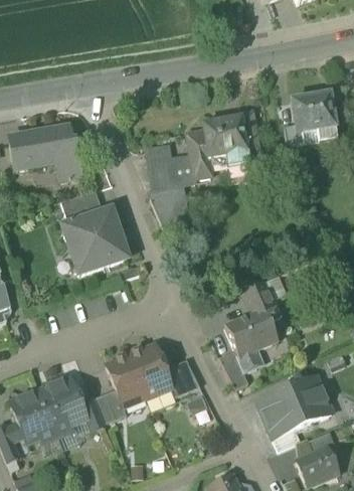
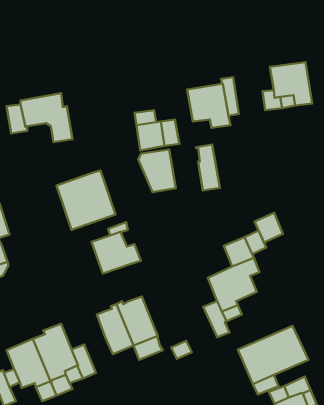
building: [186,129,211,178] -> [196,144,220,191]
building: [60,189,103,223] -> none
building: none -> [255,213,283,242]
building: none -> [92,232,141,274]
building: [163,358,199,396] -> none
building: [93,387,126,423] -> none

